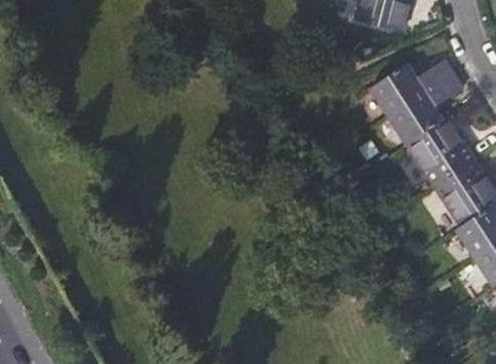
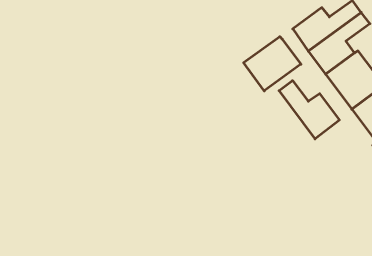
building: none -> [244,37,301,91]
building: none -> [279,81,339,139]

